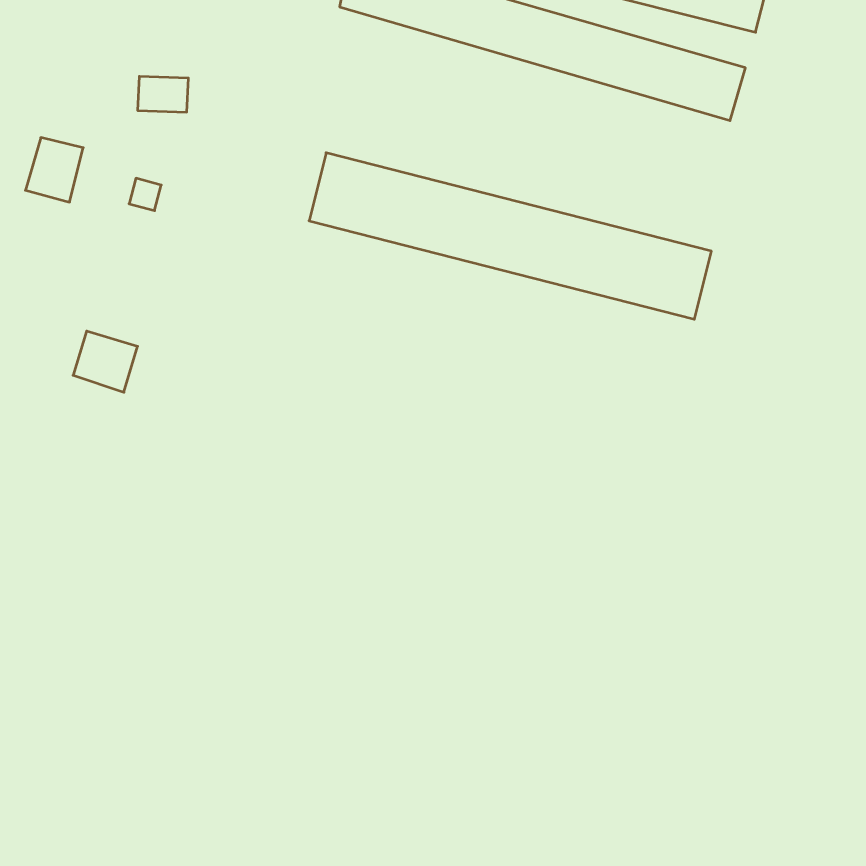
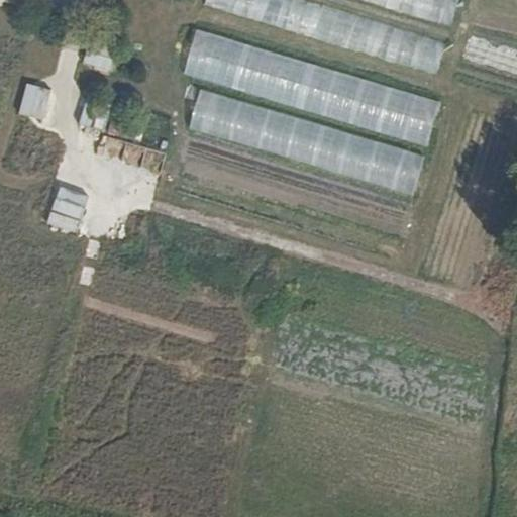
building: none -> [180,30,439,142]

